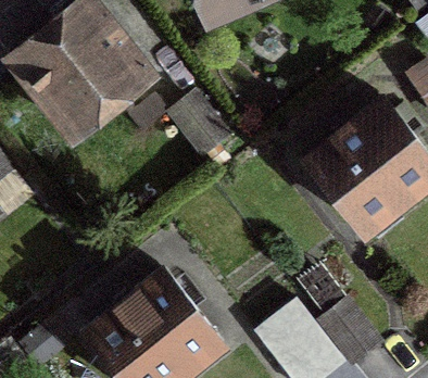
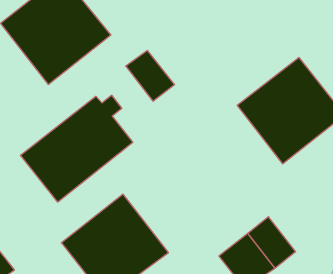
building: none -> [21,95,133,202]

